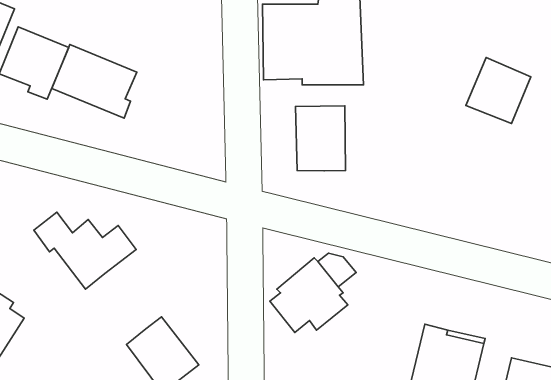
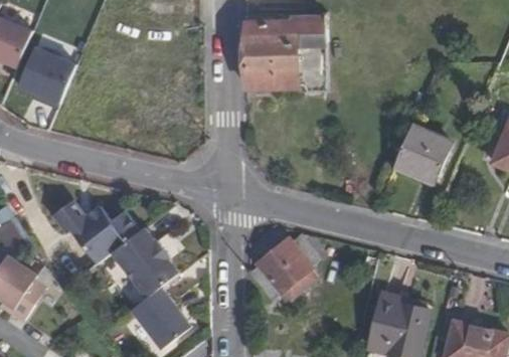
building: [52,45,137,118] -> none
building: [466,57,531,124] -> [393,128,448,183]
building: [295,106,346,171] -> none
building: none -> [112,226,177,297]

